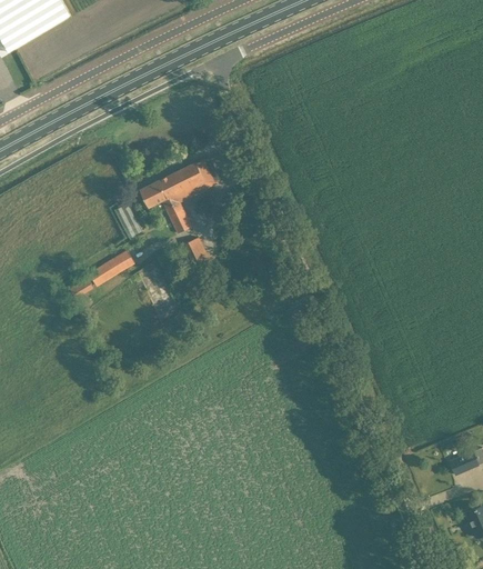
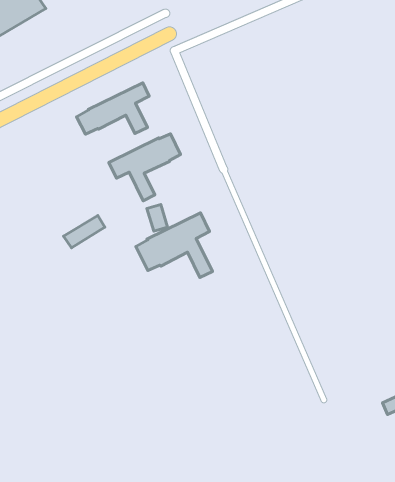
building: none -> [77,83,149,134]
building: none -> [136,213,212,278]

